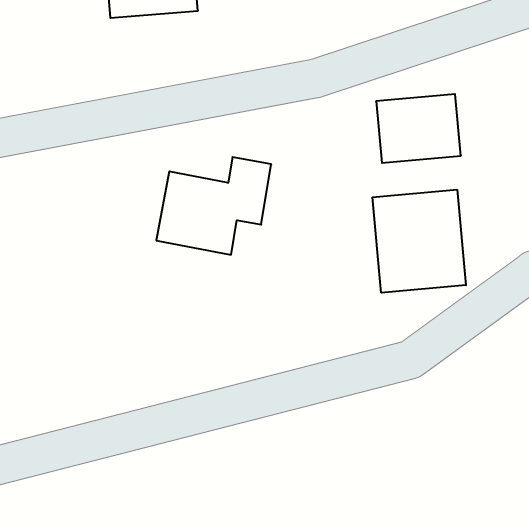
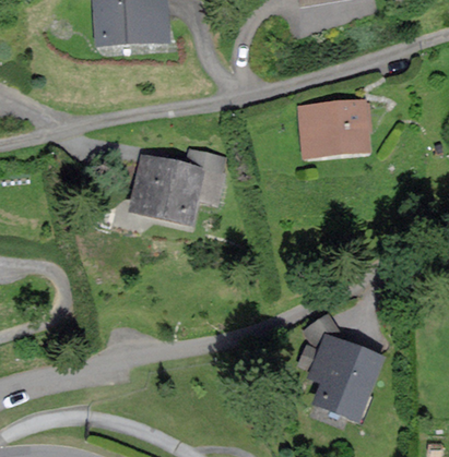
building: [373,190,466,293] -> none
building: none -> [312,338,379,418]

